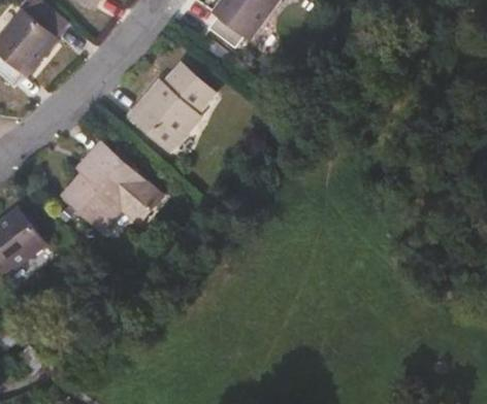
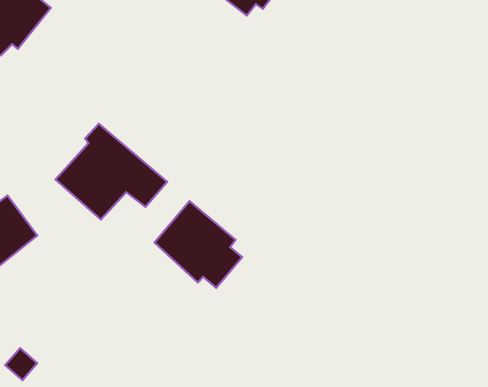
building: [130,63,215,150] -> none
building: none -> [154,201,242,288]

